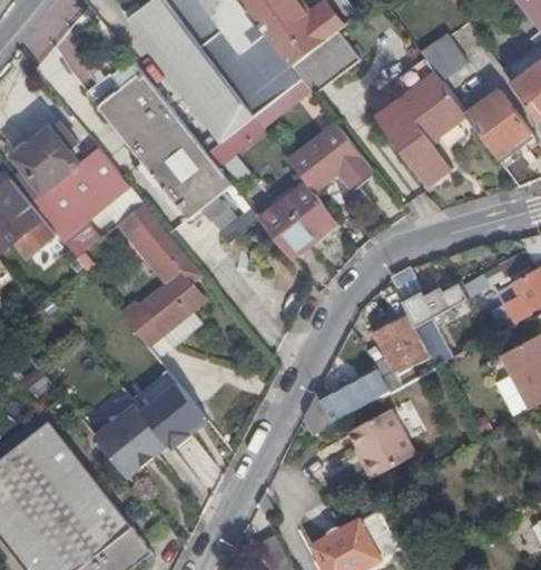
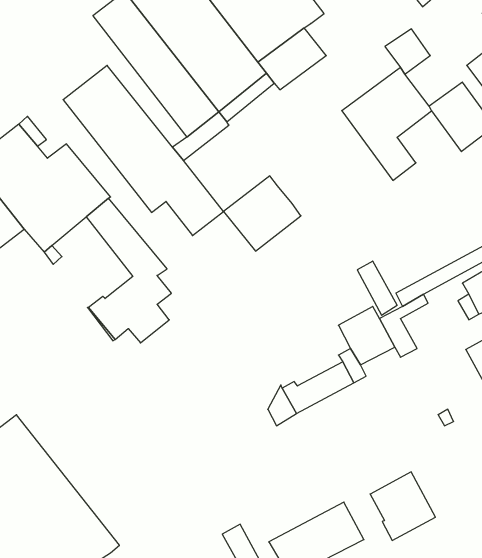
building: [287,122,371,191] -> none
building: [96,383,212,483] -> none
building: [347,409,413,478] -> [370,472,435,540]

